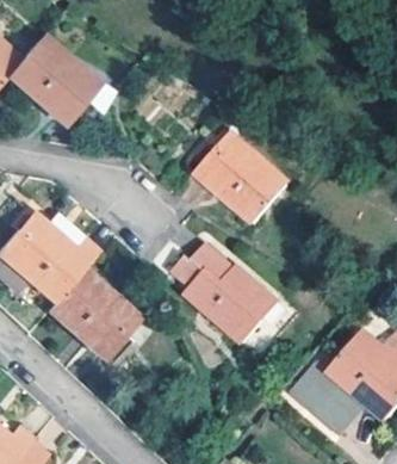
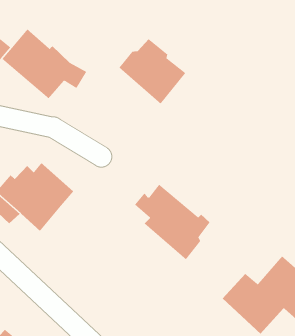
building: [198,138,284,222] -> [118,38,186,104]
building: [49,273,137,360] -> none

